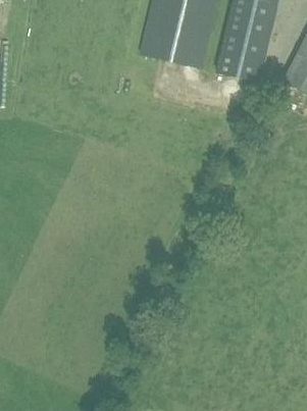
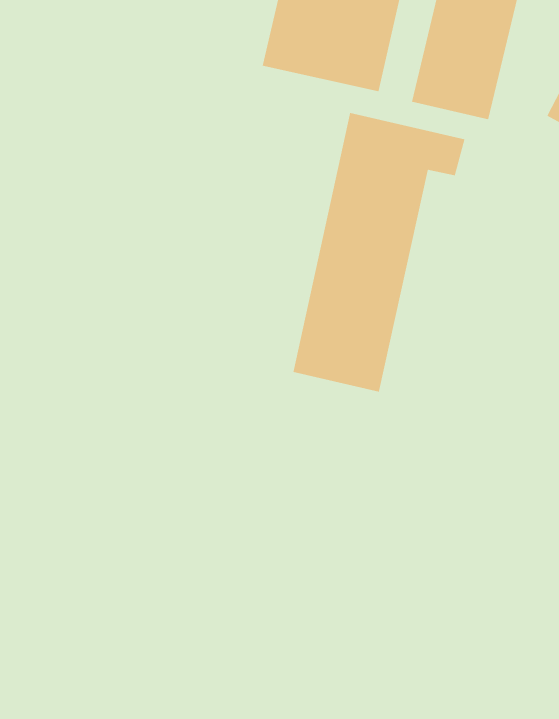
building: none -> [293,112,465,393]

